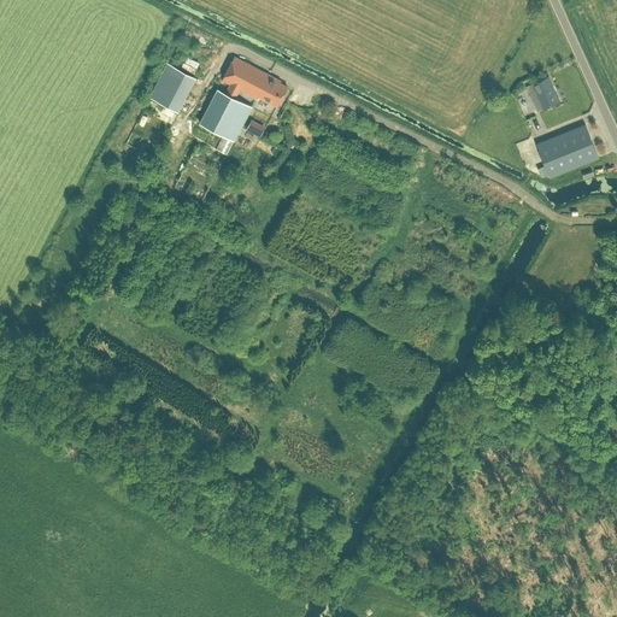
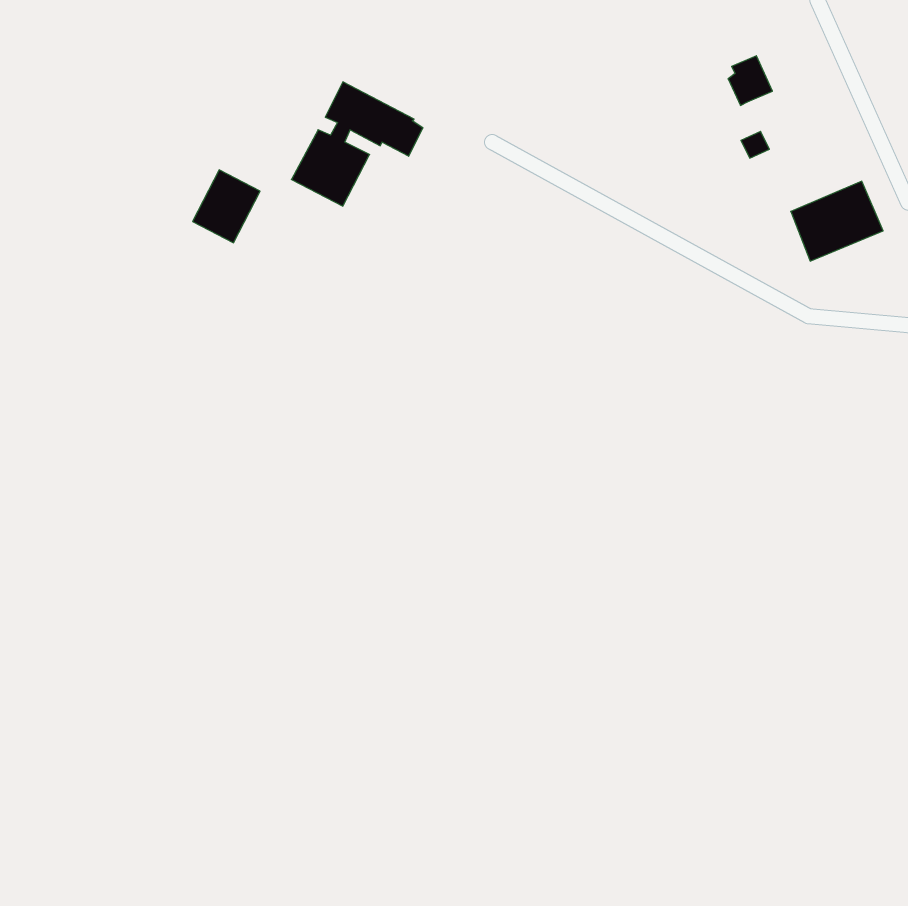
building: [149,63,195,112] -> [193,170,260,243]
building: [529,77,559,111] -> [728,56,772,105]

